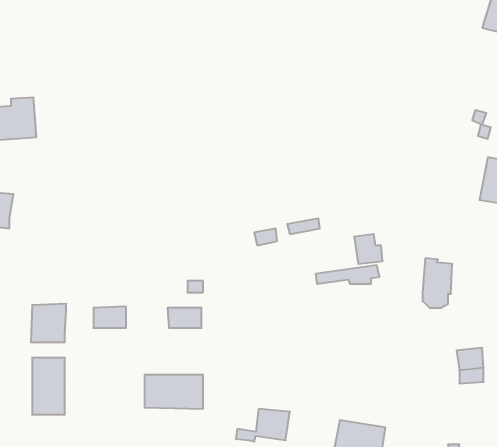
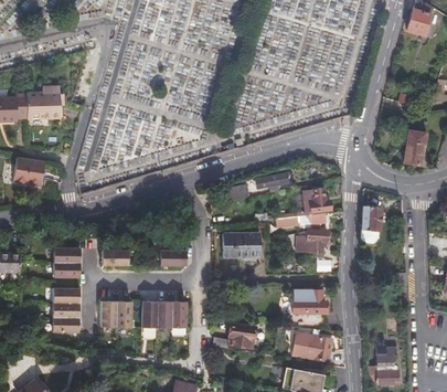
building: none -> [306,230,328,255]
building: none -> [224,235,262,258]
building: none -> [295,289,327,330]
building: none -> [104,298,135,324]

